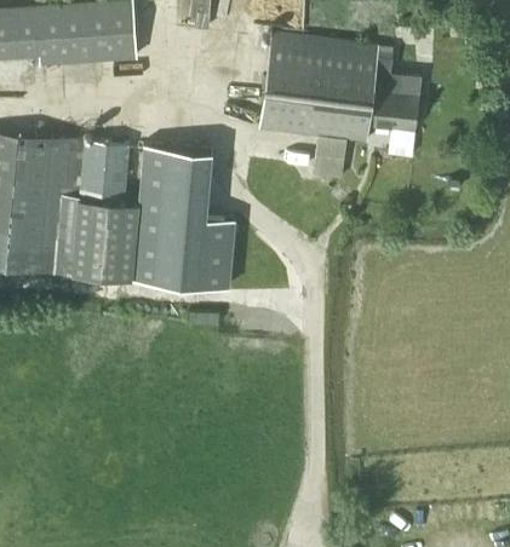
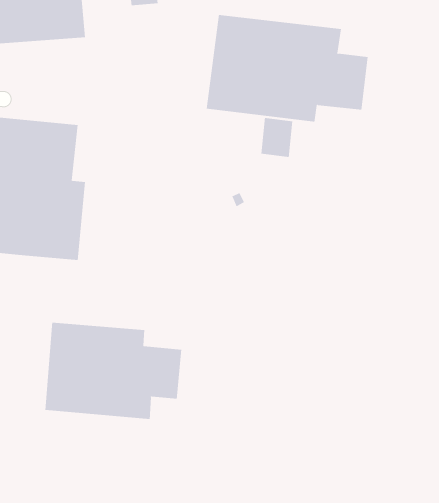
building: [131,146,234,290] -> none
building: none -> [45,322,182,420]

